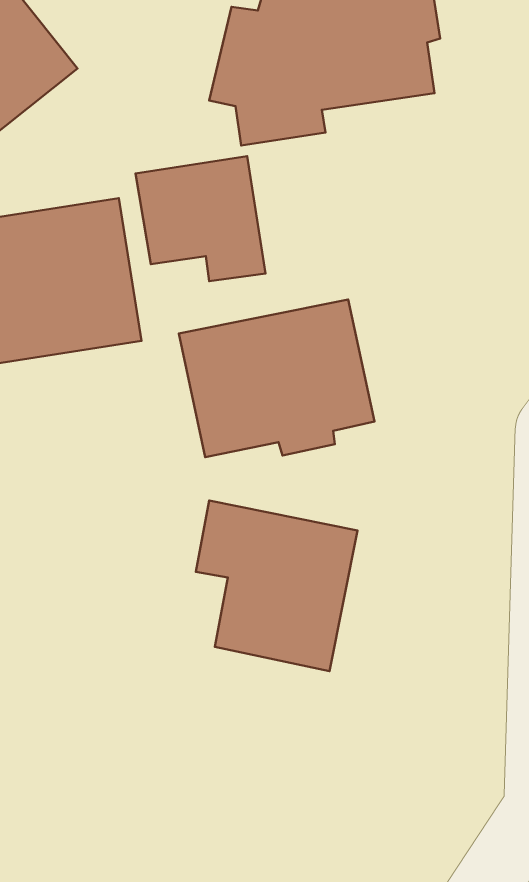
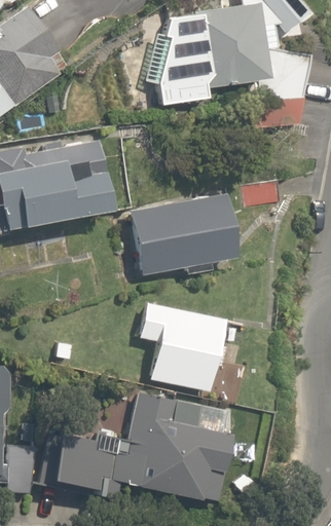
building: [135,156,266,281] -> none
building: none -> [52,391,230,502]

